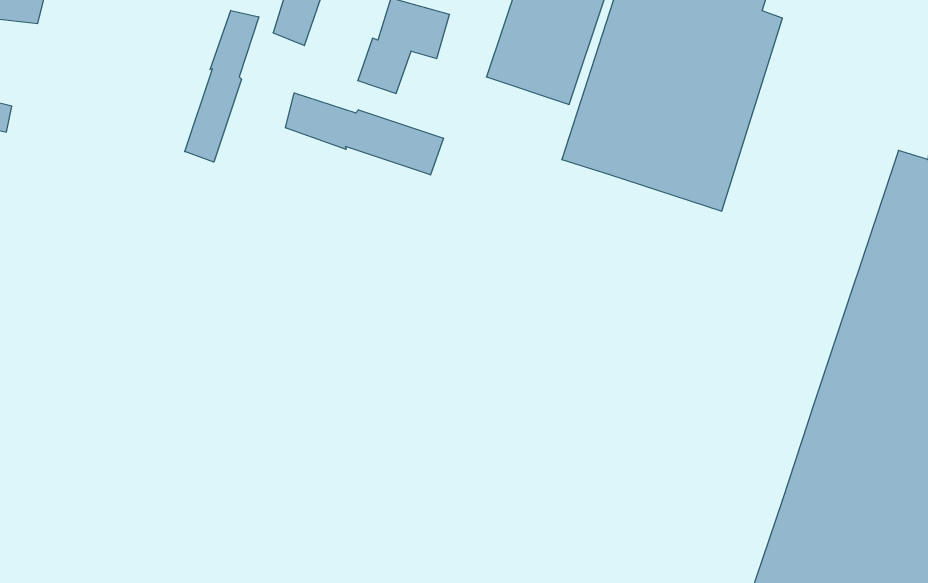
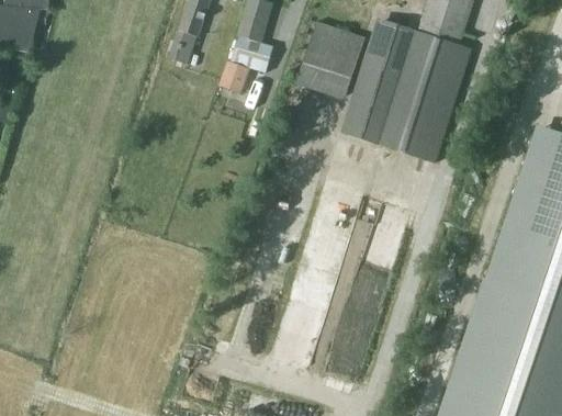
building: [185,10,259,162] -> none
building: [286,93,443,175] -> none

